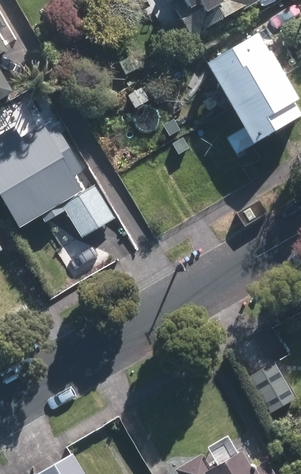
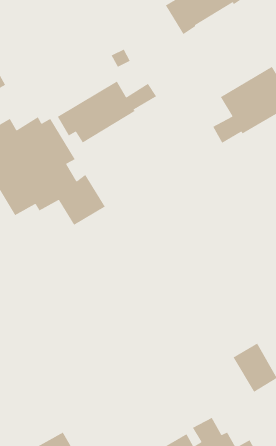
building: [207,31,285,103] -> none
building: none -> [57,80,157,143]

